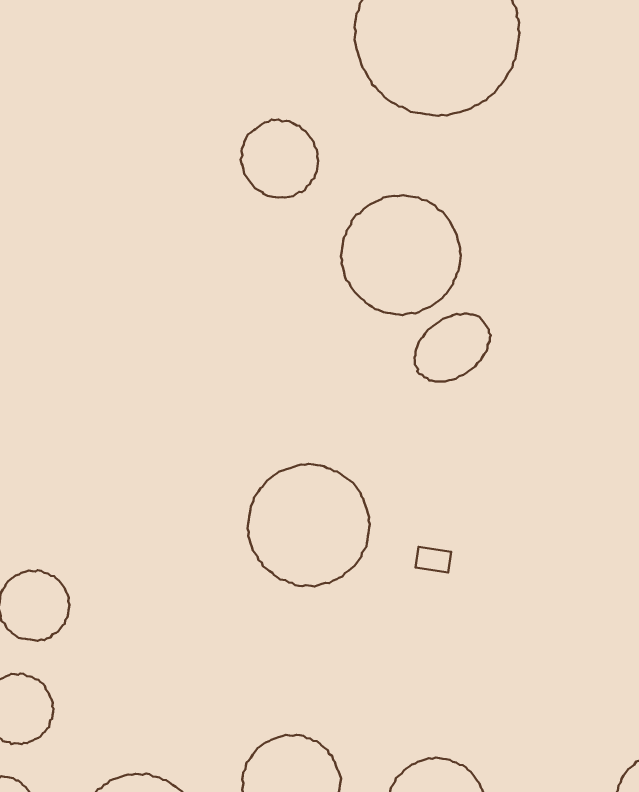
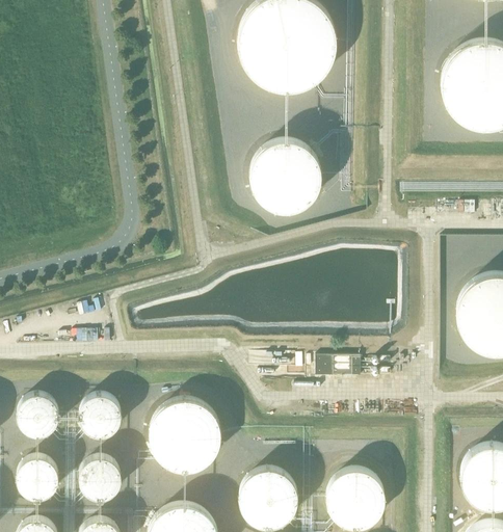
building: [241,119,318,198] -> none
building: [415,314,491,382] -> none
building: [247,464,370,586] -> [148,401,219,474]

